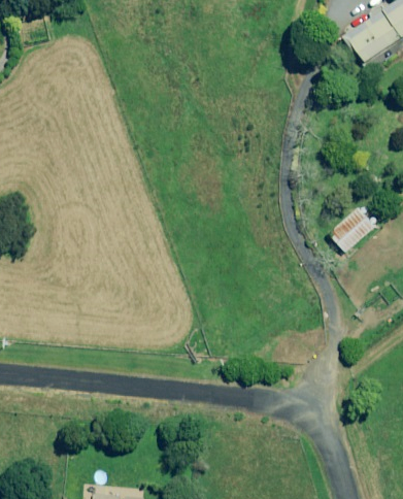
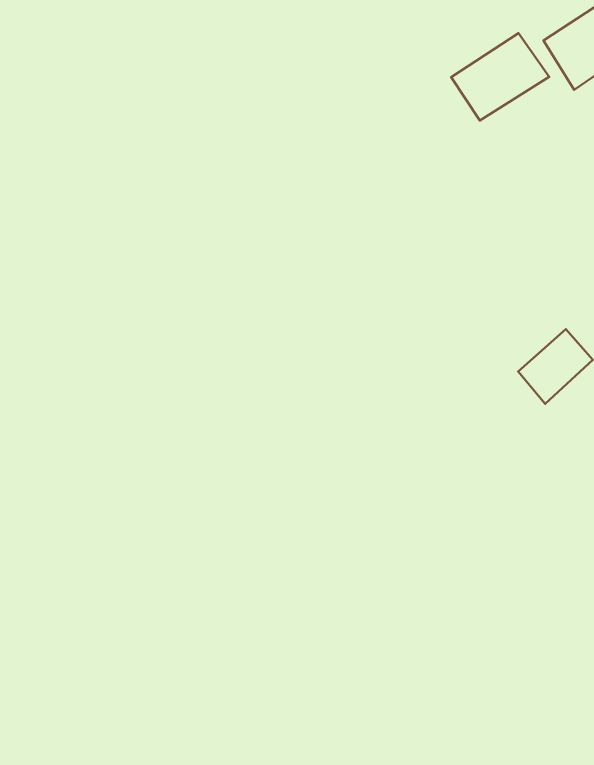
building: none -> [451,33,549,120]

